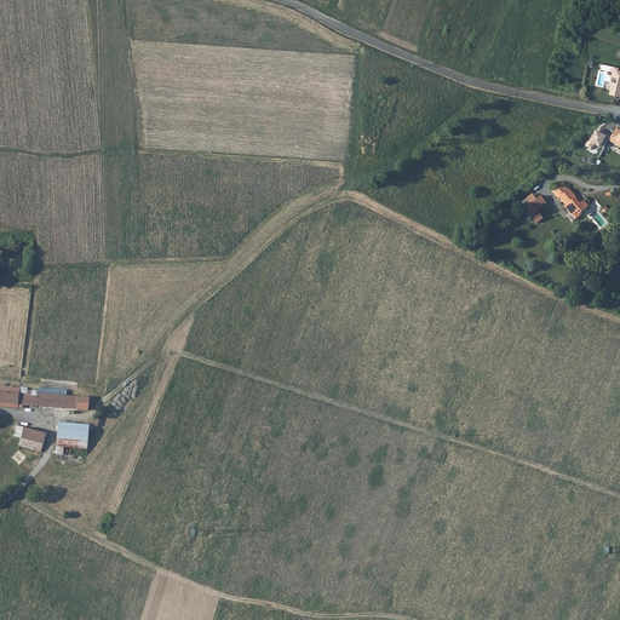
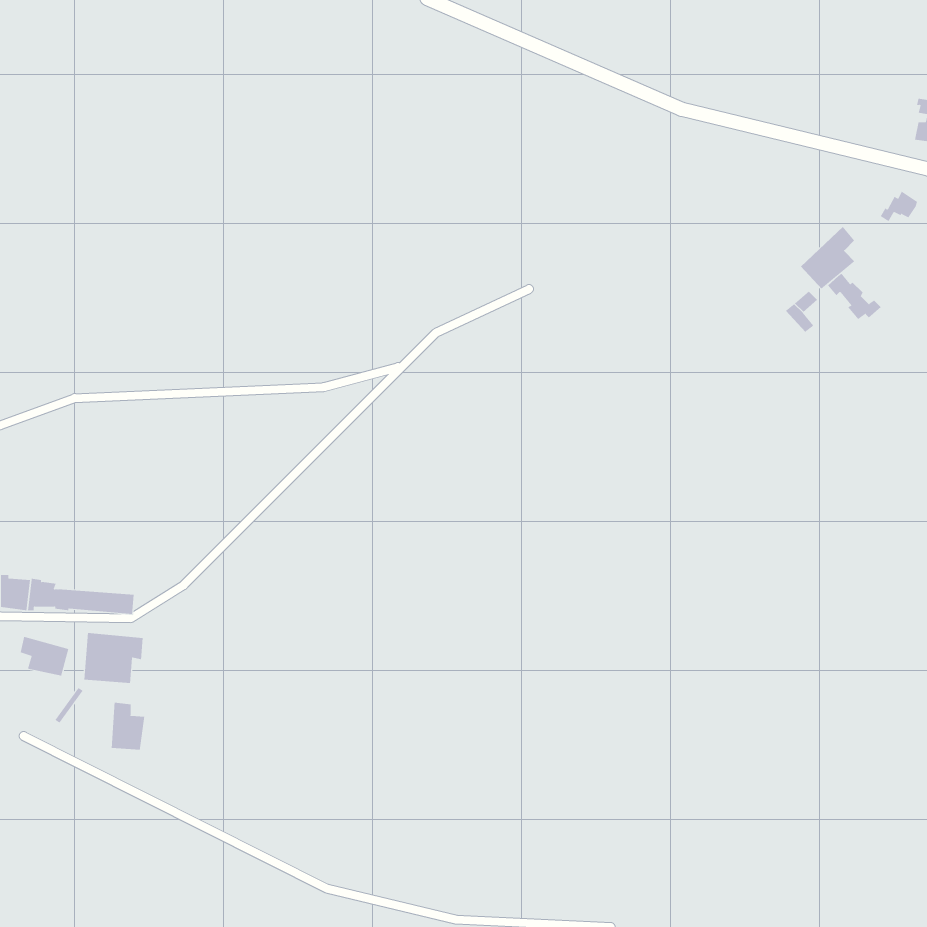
building: none -> [800,226,855,290]
building: none -> [111,702,145,751]

